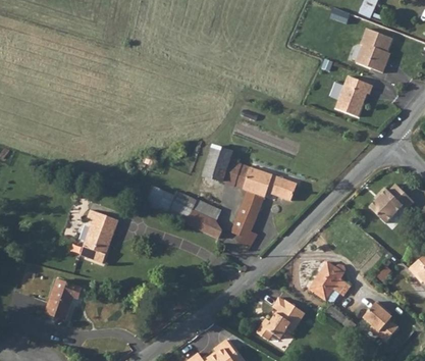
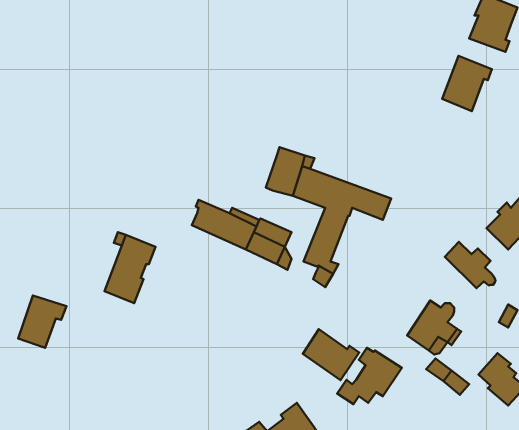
building: none -> [445,242,495,288]
building: [45,279,82,319] -> [18,296,67,348]
building: none -> [303,329,359,380]

